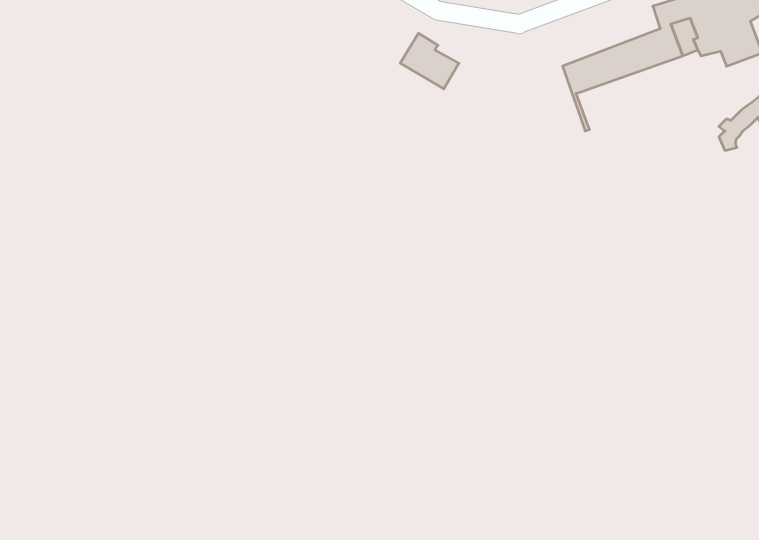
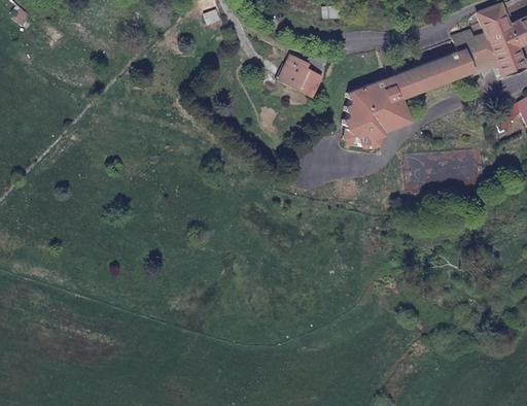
building: none -> [343,77,406,148]

